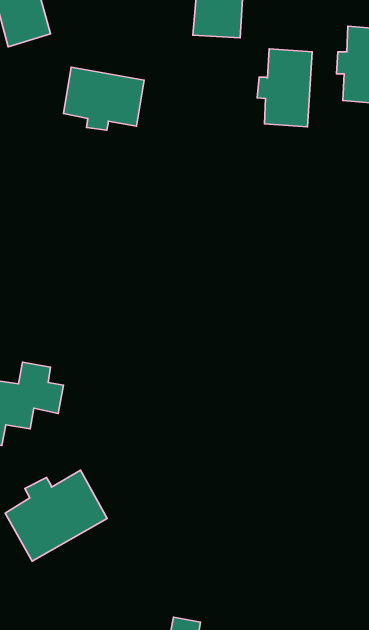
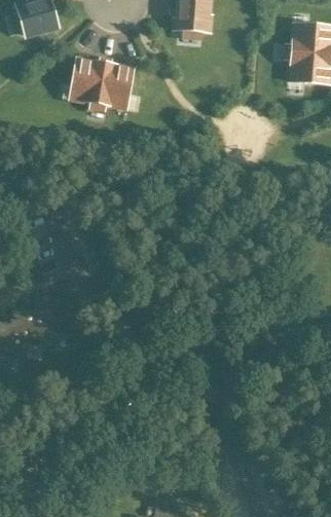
building: [257,49,312,127] -> none
building: [5,470,107,561] -> none

